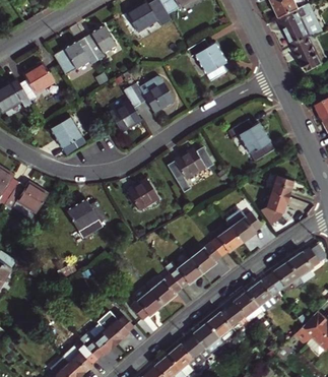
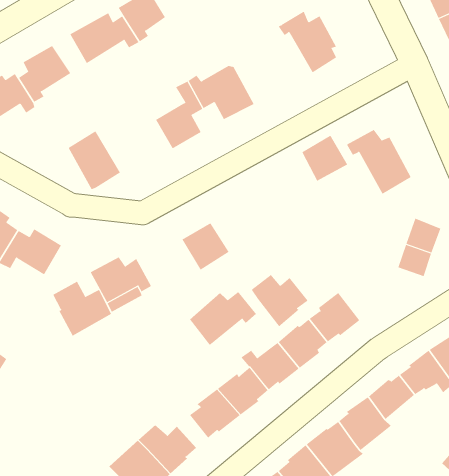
building: [173,146,203,177] -> [301,135,348,182]
building: [223,207,261,242] -> [251,274,308,327]
building: none -> [52,281,112,337]
building: none -> [189,291,257,346]

